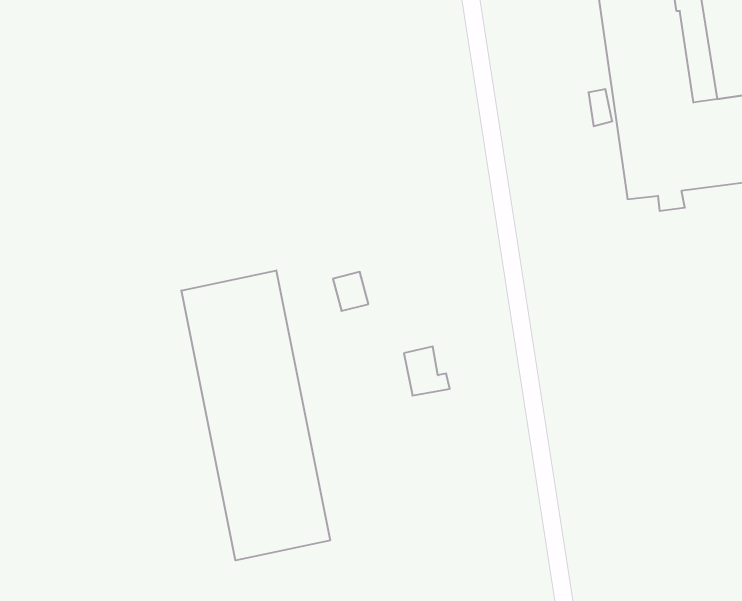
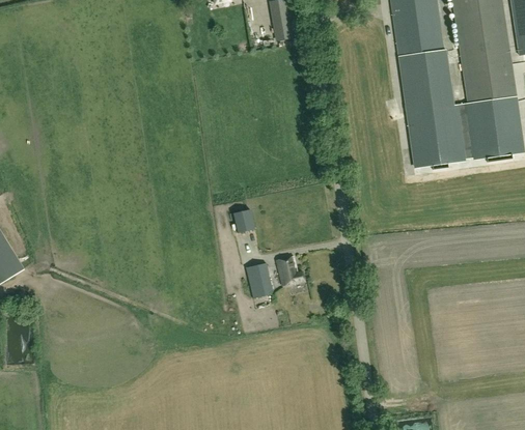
building: [181,270,330,560] -> none
building: none -> [246,262,274,298]

